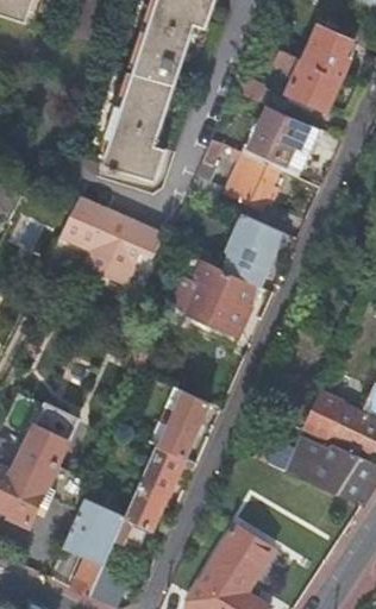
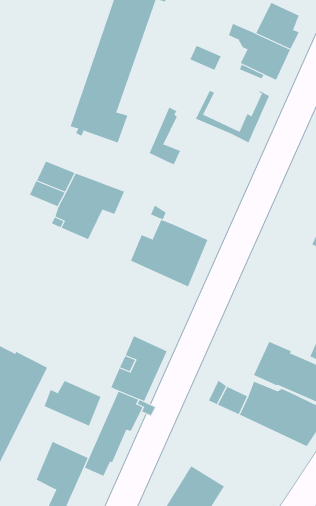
building: [247,106,309,165] -> none
building: [226,150,277,207] -> none
building: [215,213,284,287] -> none
building: none -> [44,380,101,427]

